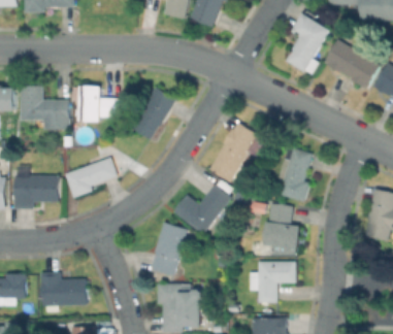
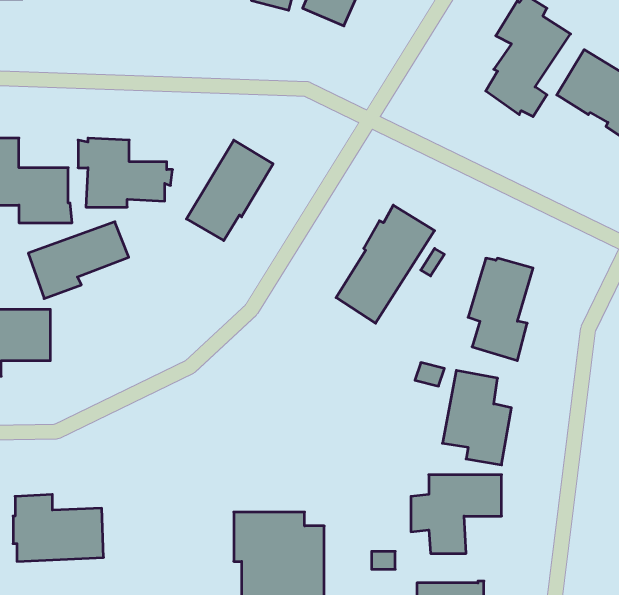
building: [64,158,117,198] -> [28,222,129,299]
building: [172,185,231,237] -> none
building: [150,223,187,276] -> none

